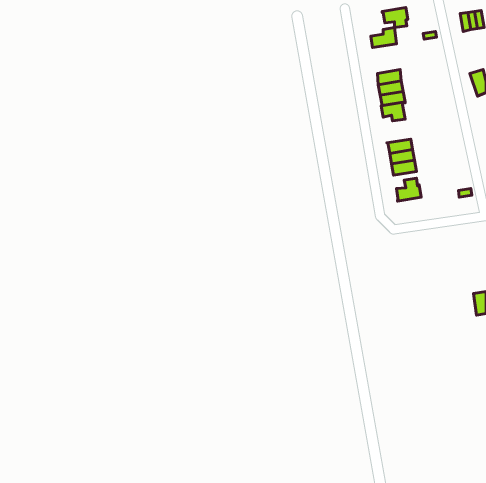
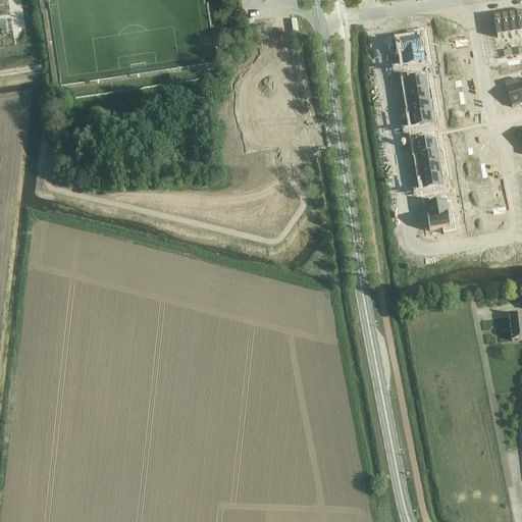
building: [382,8,408,28] -> [399,47,426,68]
building: none -> [413,130,439,153]
building: none -> [425,211,454,229]

